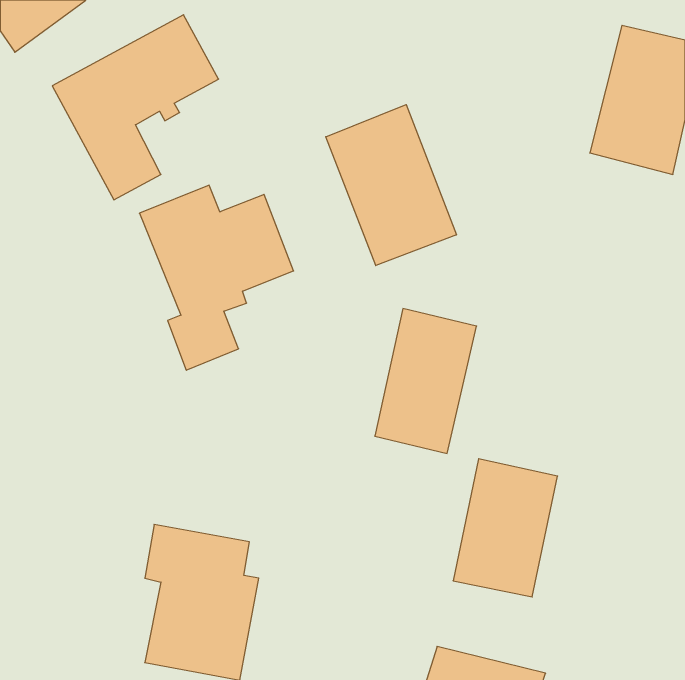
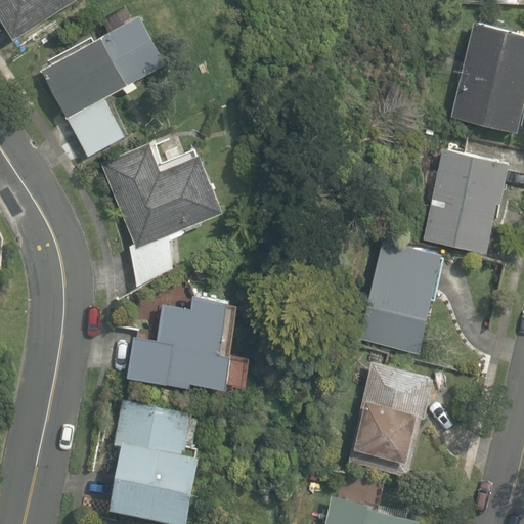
building: [326,105,456,266] -> none
building: none -> [425,150,505,253]
building: [375,309,477,453] -> [359,249,437,359]
building: none -> [123,302,230,379]

